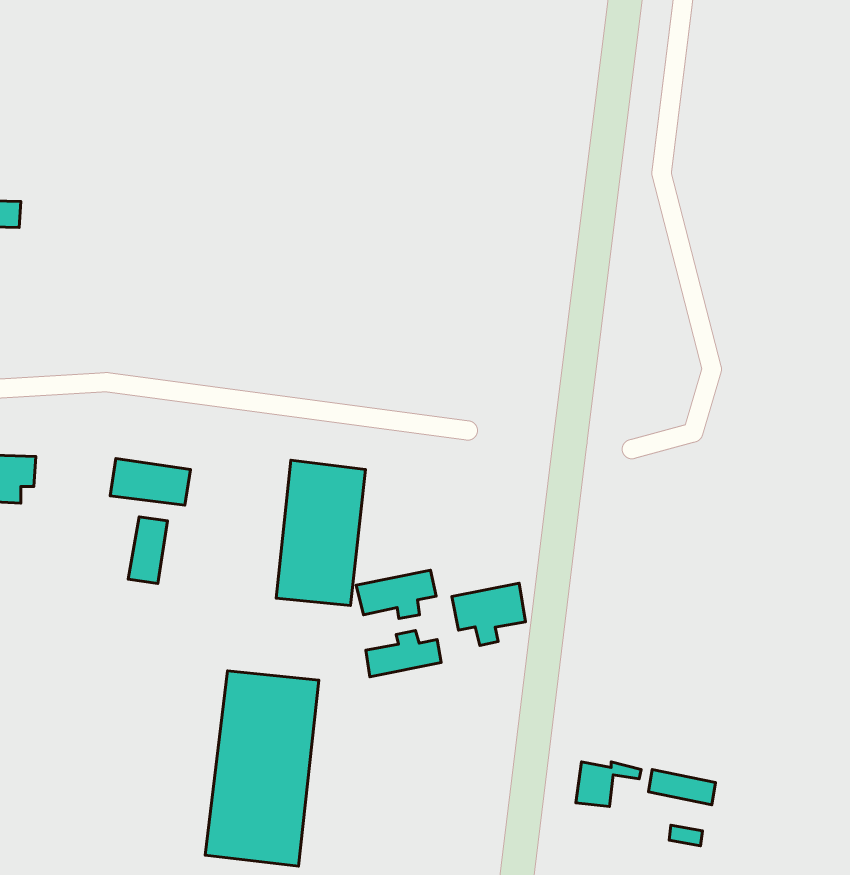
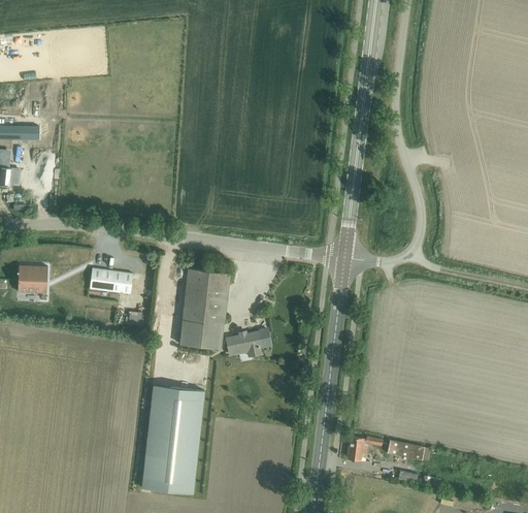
building: [128,517,167,584] -> none
building: [452,583,526,645] -> none
building: [366,630,441,677] -> none

